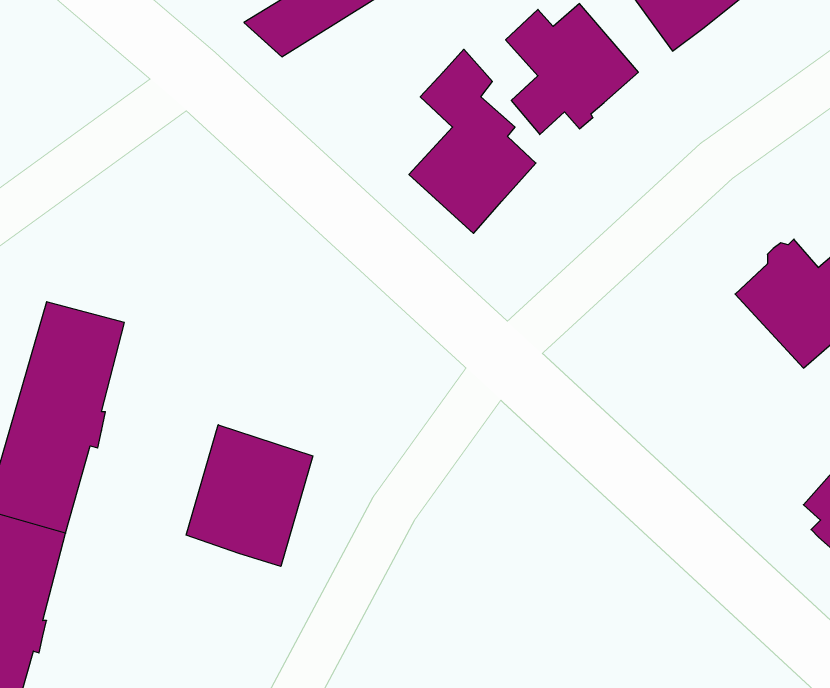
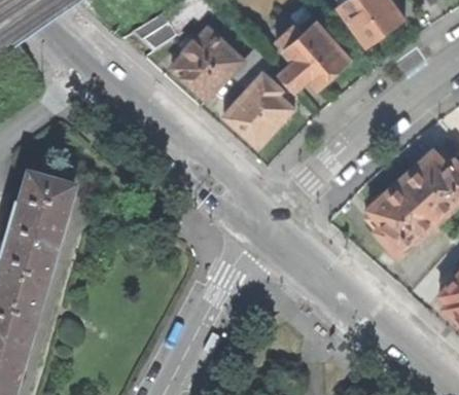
building: none -> [171,29,242,99]
building: none -> [367,179,437,254]
building: [186,425,313,566] -> none

